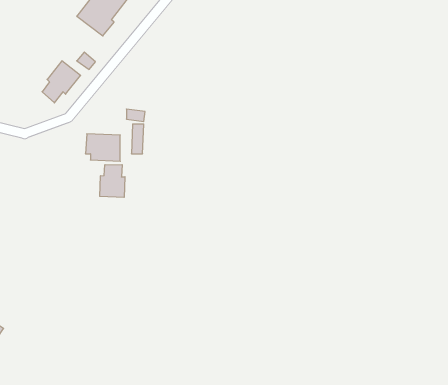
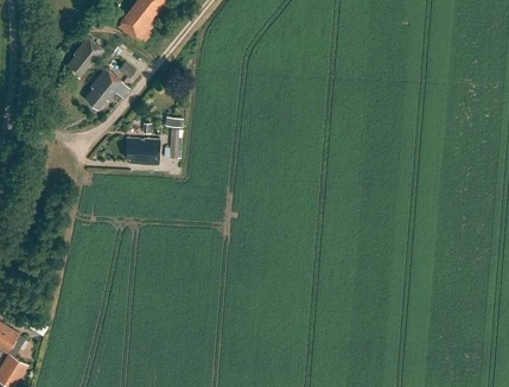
building: none -> [65,34,103,76]
building: [100,165,125,197] -> none

